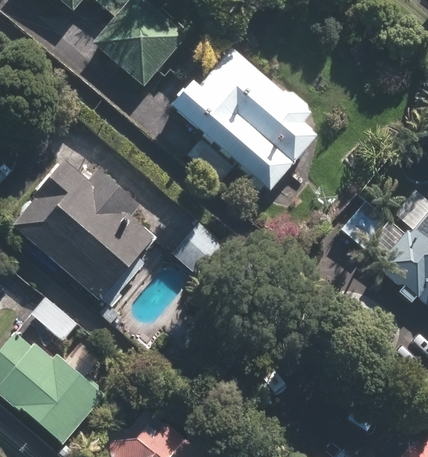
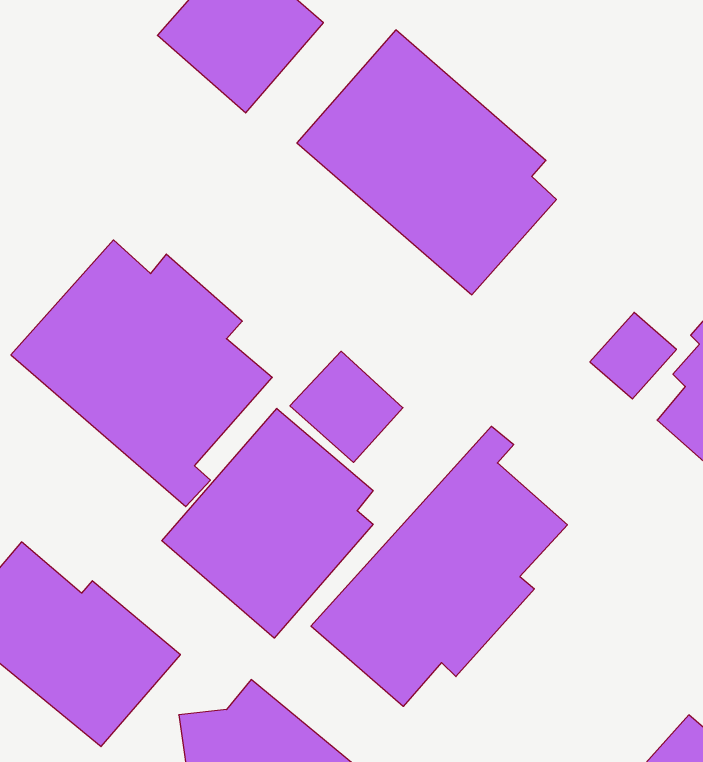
building: none -> [162,408,373,638]
building: none -> [311,426,567,706]

